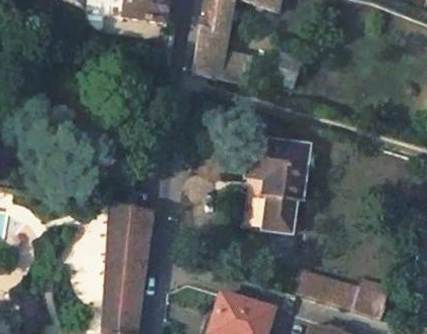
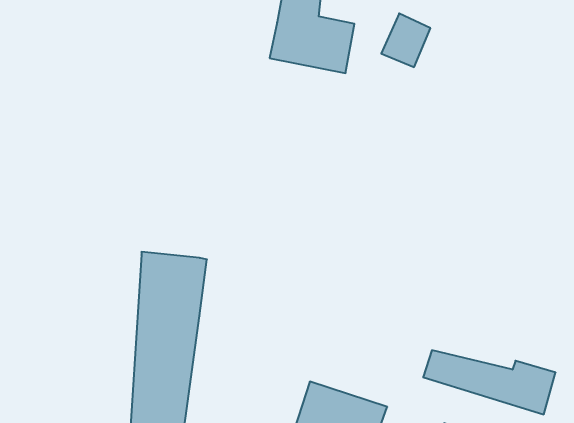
building: [245,137,311,233] -> none

